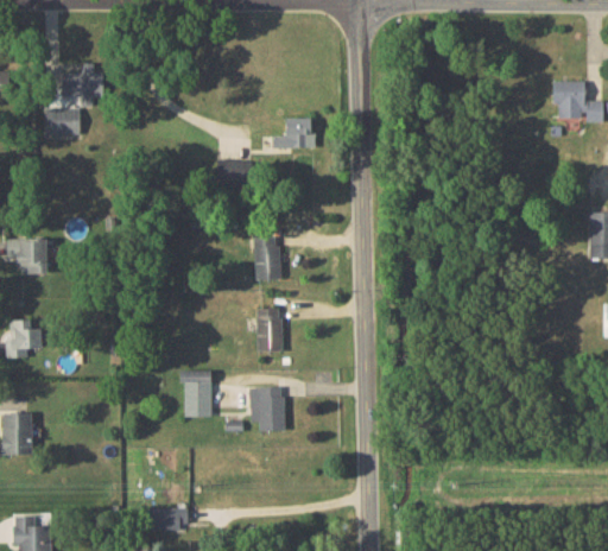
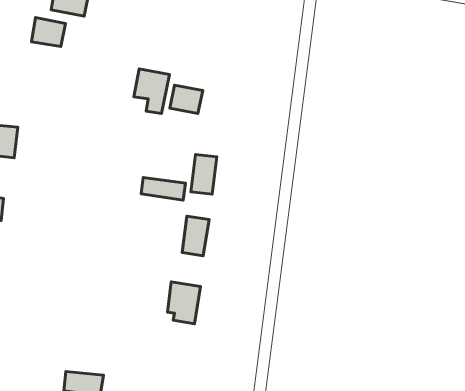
building: [272,119,312,148] -> none
building: none -> [134,69,170,113]
building: none -> [141,177,185,200]
building: [179,370,211,417] -> none

